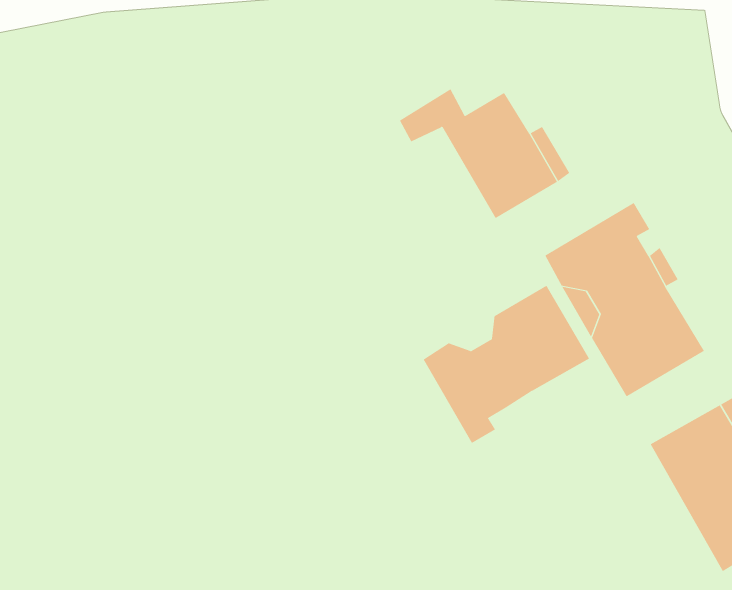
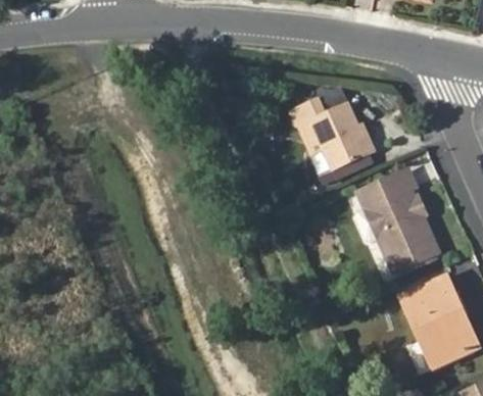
building: [423,285,590,444] -> none

